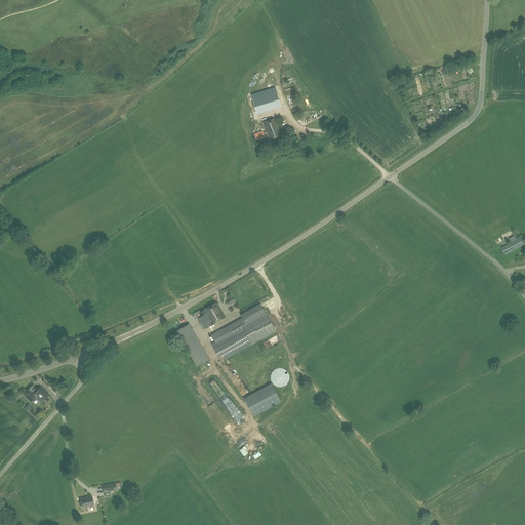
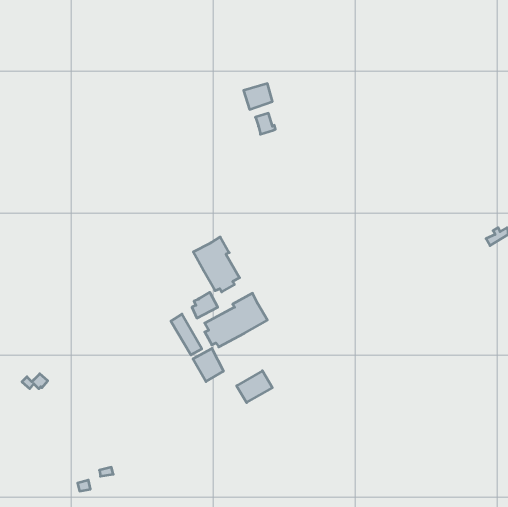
building: none -> [193,237,240,292]
building: none -> [193,348,223,382]

